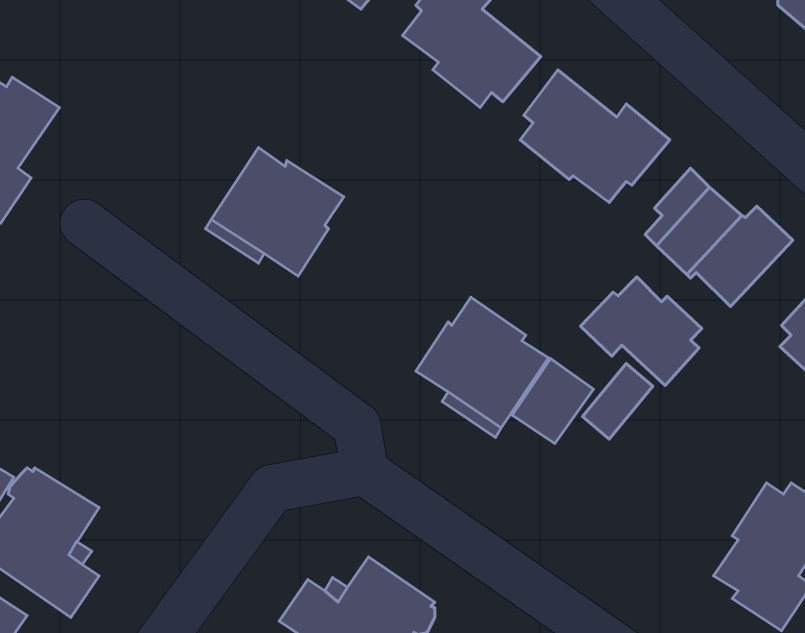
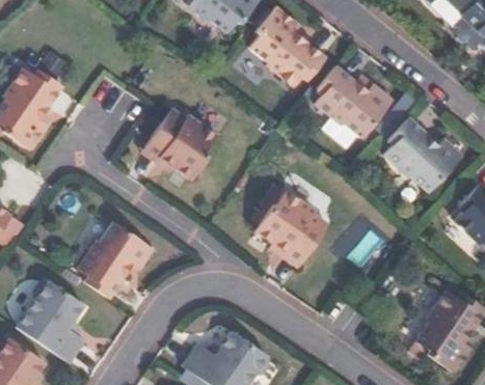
building: [581,277,702,385] -> none
building: none -> [76,222,153,299]
building: [512,359,594,444] -> none

